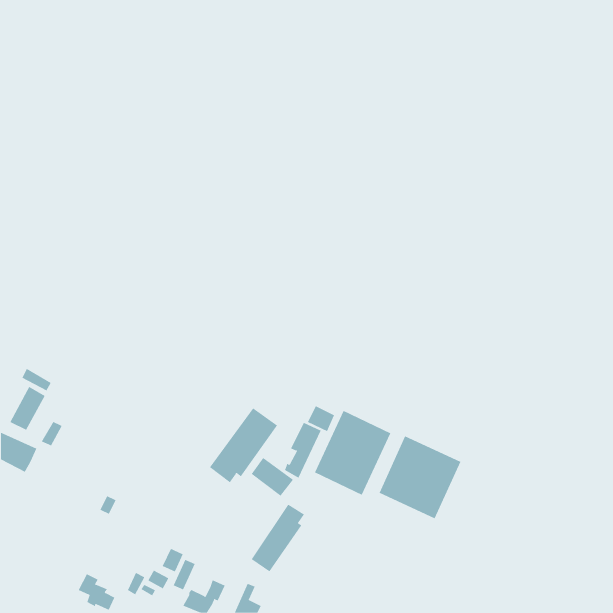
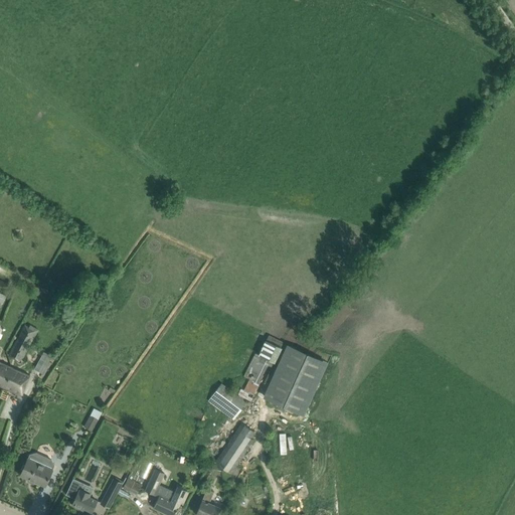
building: [209,407,278,483] -> none
building: [379,436,461,519] -> none
building: none -> [20,453,54,487]

